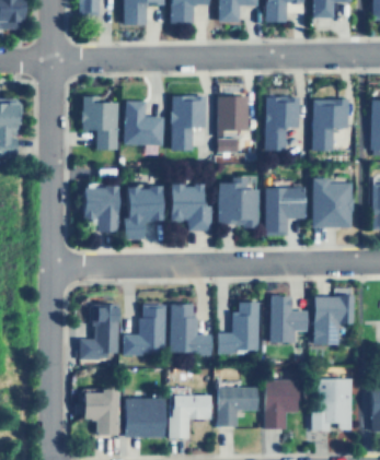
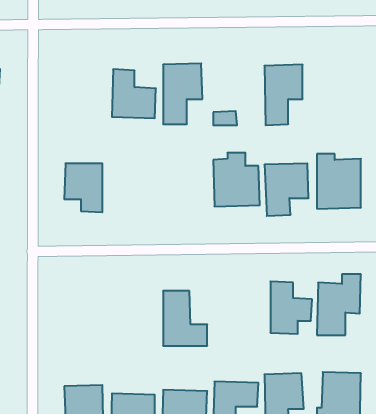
building: [81,96,119,150] -> none
building: [218,96,250,138] -> none
building: [312,99,349,151] -> none
building: [170,184,214,231] -> none
building: [123,186,163,239] -> none
building: [218,302,261,353] -> none
building: [80,304,118,359] -> none
building: [125,304,168,354] -> none

